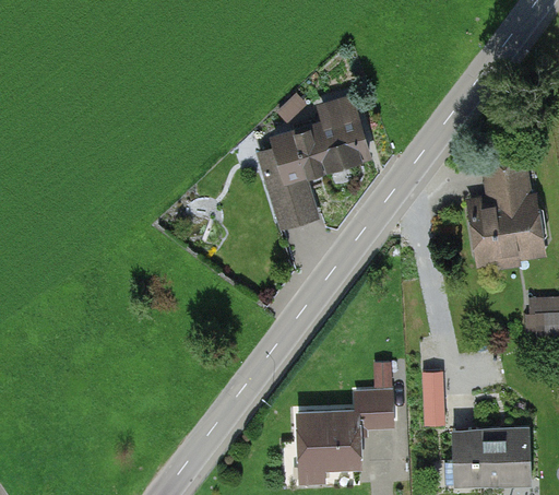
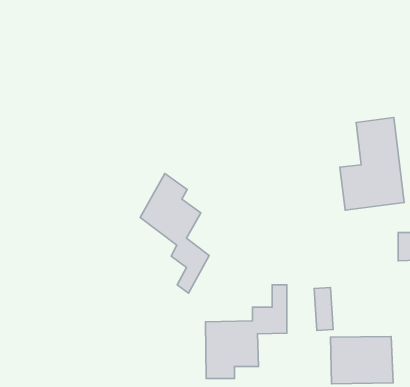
building: [260,92,370,229] -> none
building: none -> [140,173,209,293]

